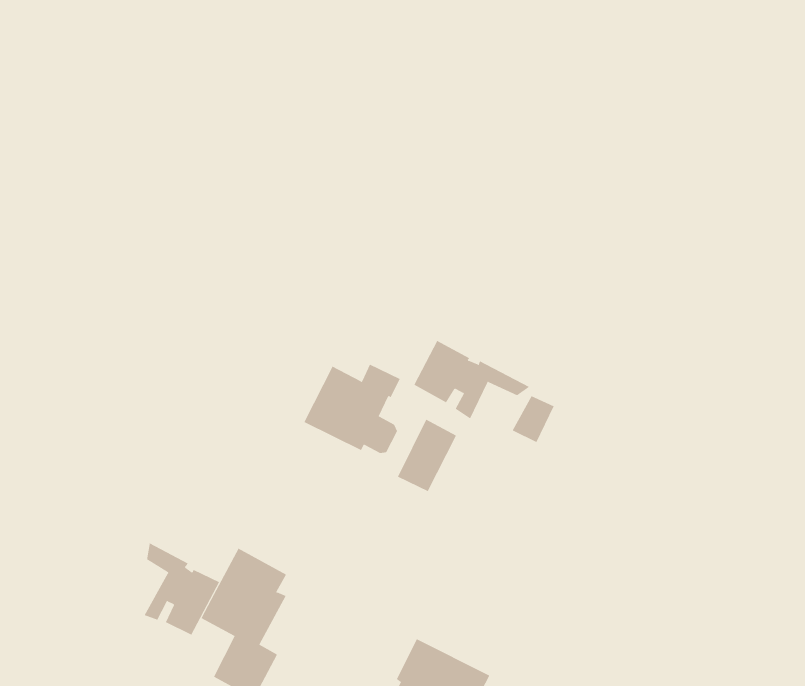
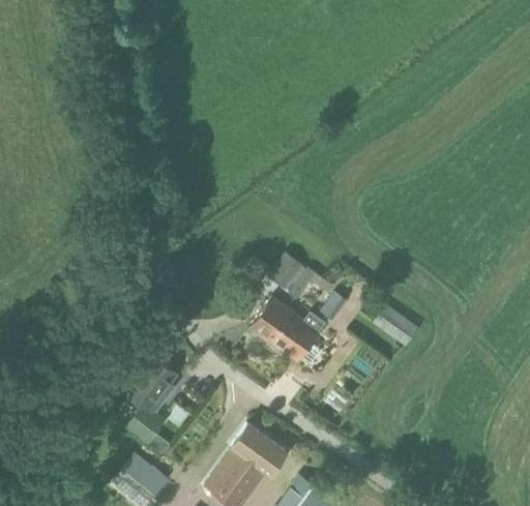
building: [303,364,400,454] -> [267,309,327,364]
building: none -> [373,304,420,348]
building: [144,542,220,635] -> none

